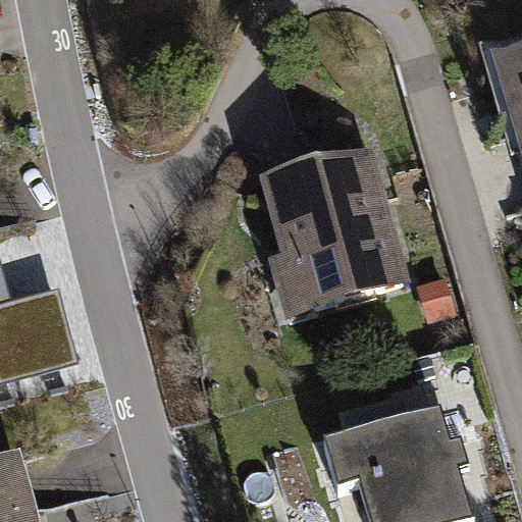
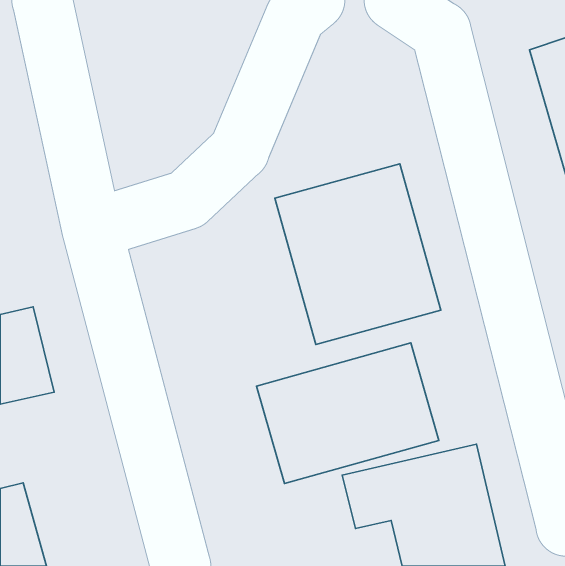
building: none -> [256,343,439,484]

